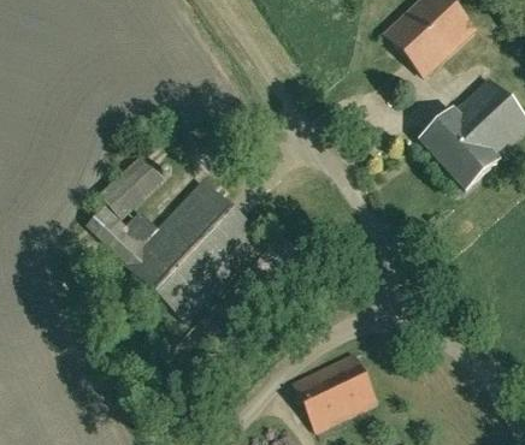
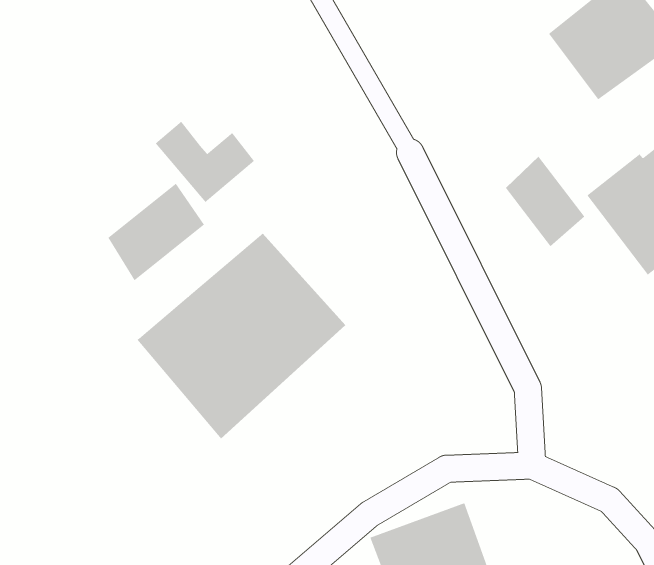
building: none -> [505,156,585,247]
building: [87,206,155,260] -> [155,121,255,203]

